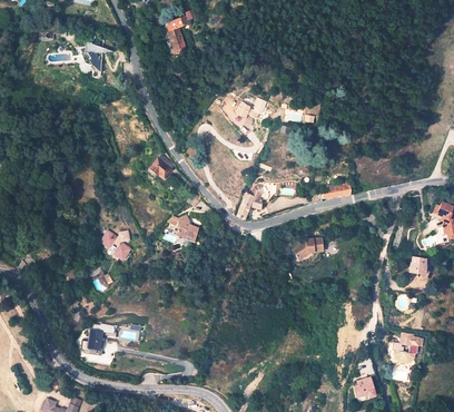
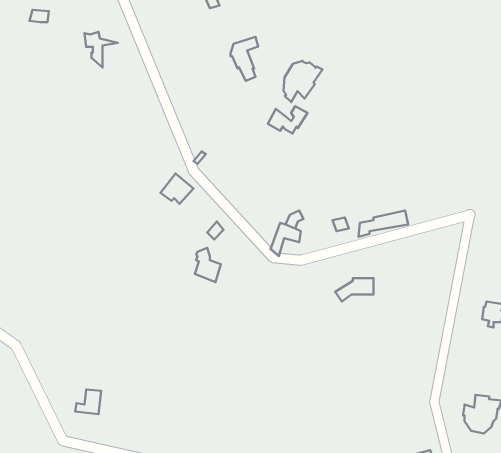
building: [165,19,187,55] -> [231,37,258,81]
building: none -> [283,61,323,102]
building: [102,228,131,258] -> none

